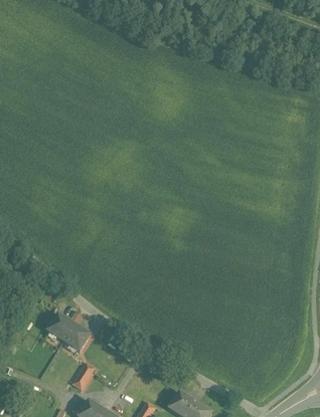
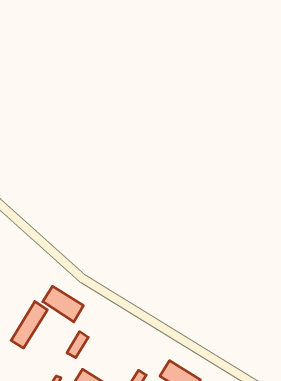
building: none -> [11,301,47,348]

